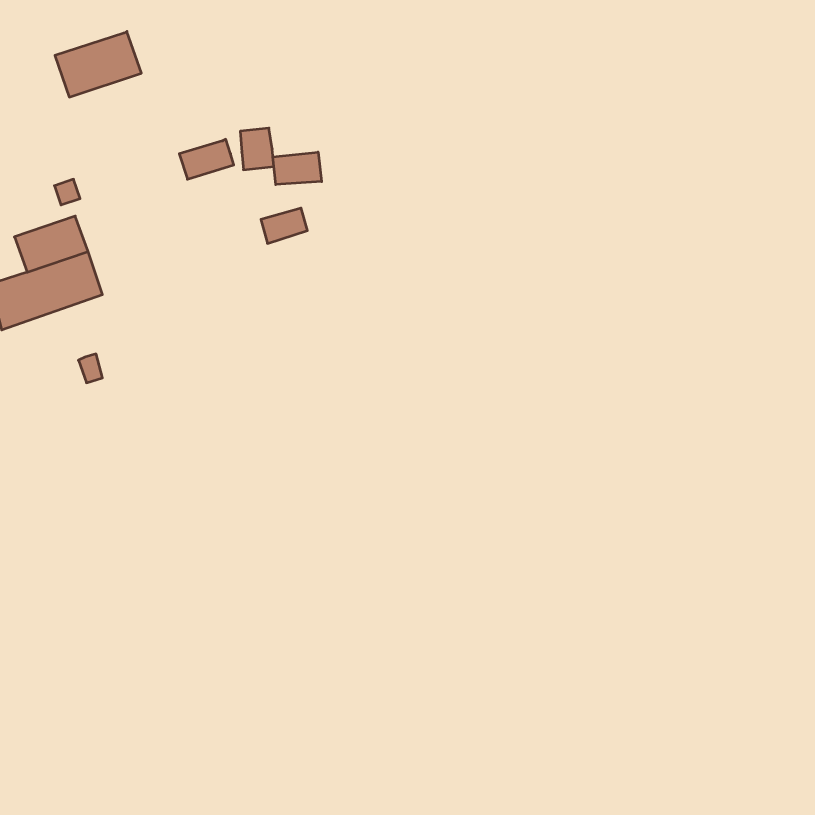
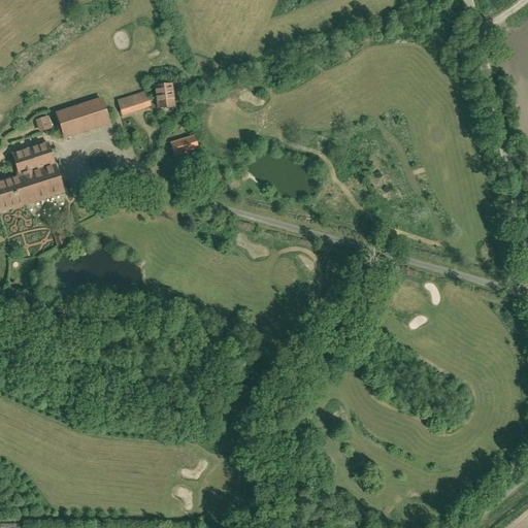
building: [55,31,141,97] -> [55,96,110,138]
building: [273,152,322,185] -> none

